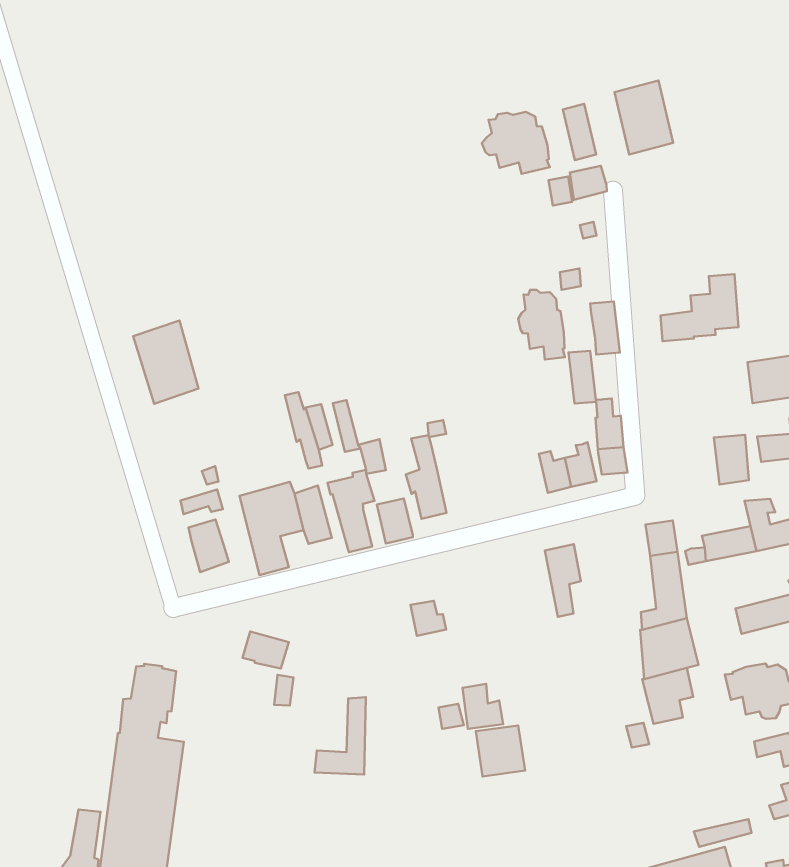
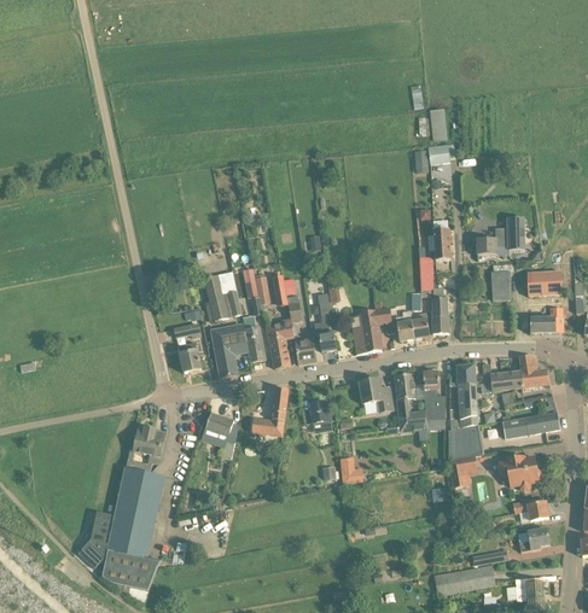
building: [615,81,673,154] -> none
building: [482,112,550,174] -> none
building: [518,290,565,360] -> none
building: [133,321,199,404] -> [204,272,241,321]
building: none -> [353,303,392,354]
building: [714,435,749,485] -> [489,270,508,299]
building: none -> [423,372,446,421]
building: none -> [360,379,392,413]
building: [315,697,366,774] -> [252,389,287,436]
building: [476,725,525,776] -> none

